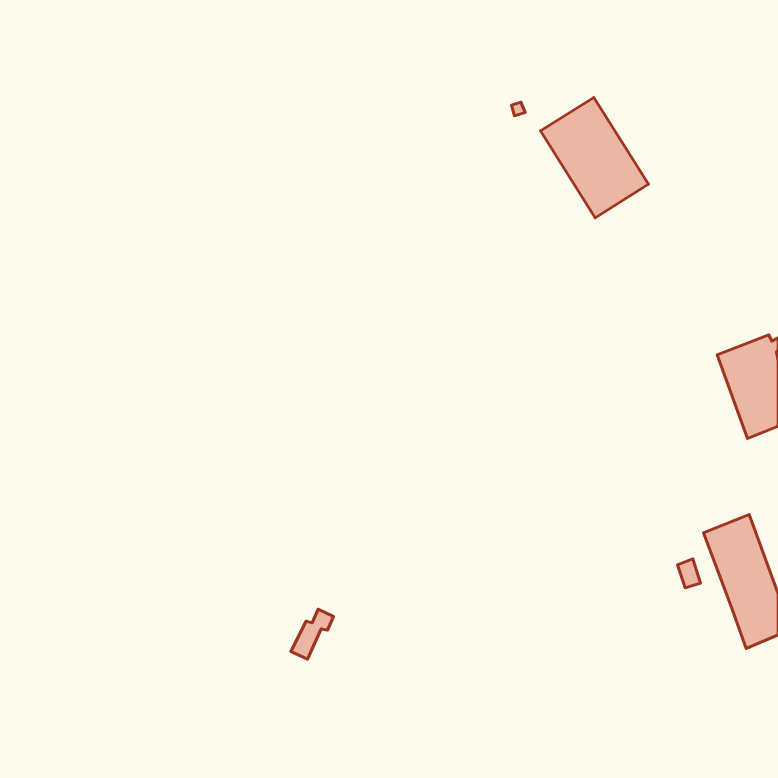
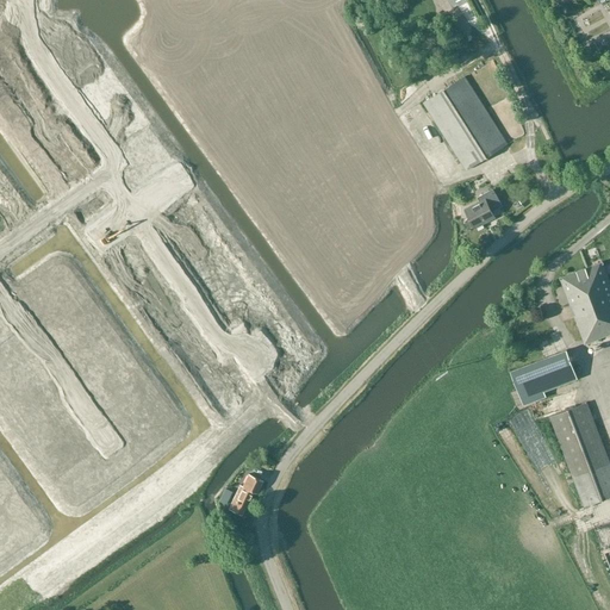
building: none -> [465,189,499,228]
building: none -> [510,350,577,405]

